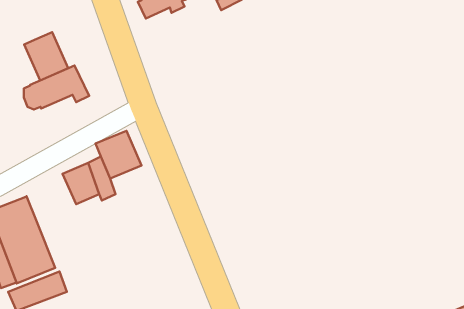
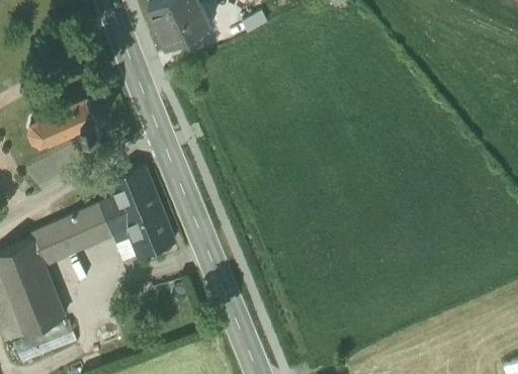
building: [24,32,68,80] -> none
building: none -> [125,205,175,257]
building: none -> [29,214,88,267]

